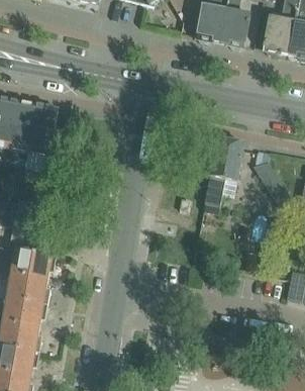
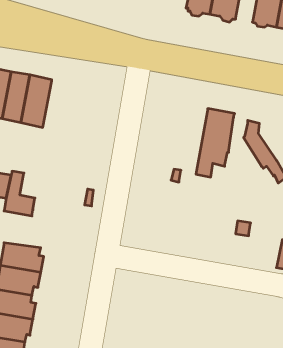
building: [10,248,56,278] -> none

